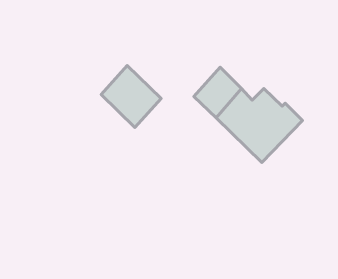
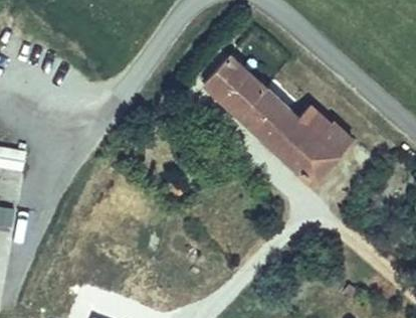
building: [101,65,161,128] -> [202,51,264,116]

